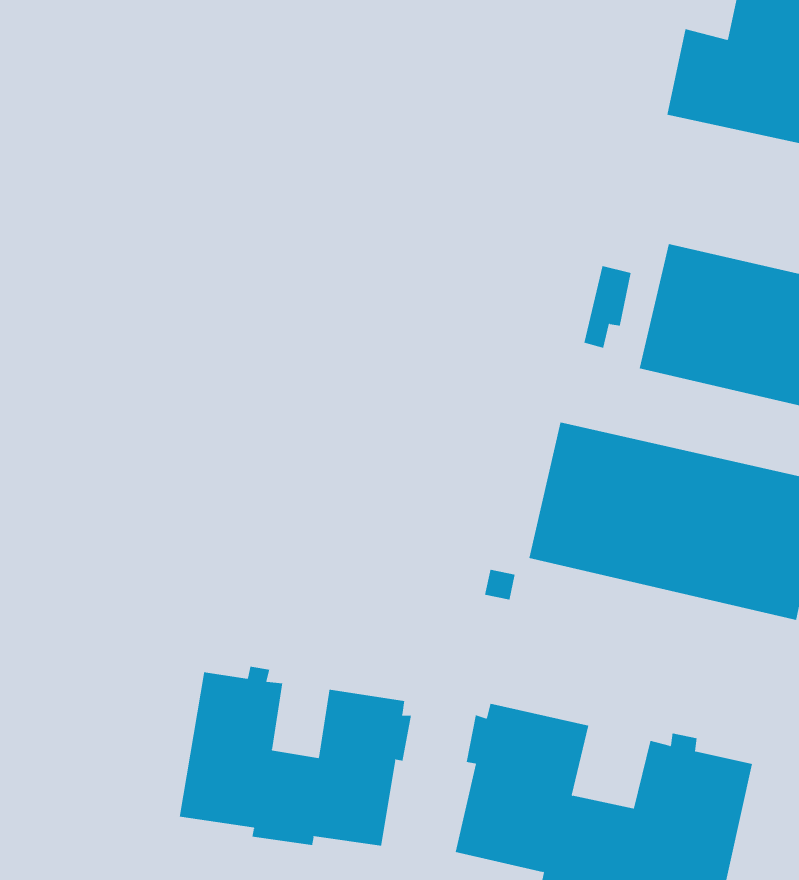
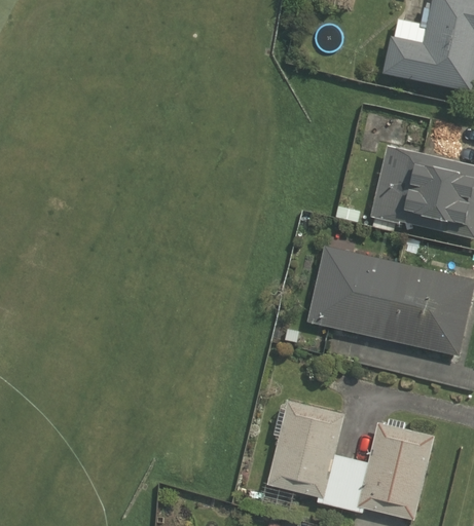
building: [179,666,412,847] -> none

